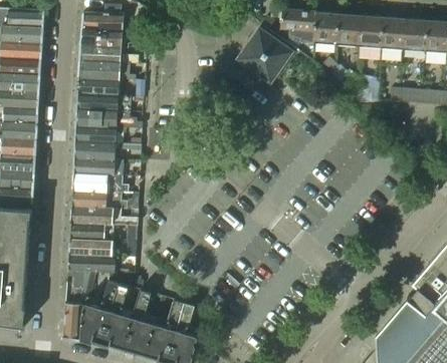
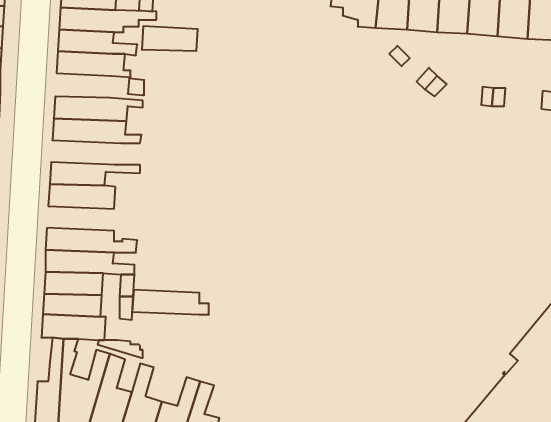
building: [238,30,289,81] -> none
building: [77,77,119,95] -> [142,26,198,51]
building: [74,126,126,144] -> none
building: [71,174,128,193] -> [132,290,209,315]

